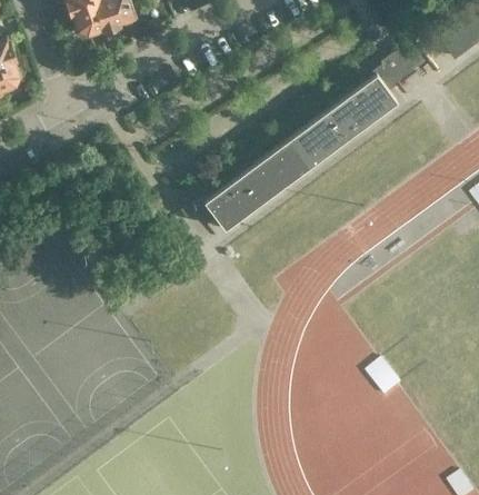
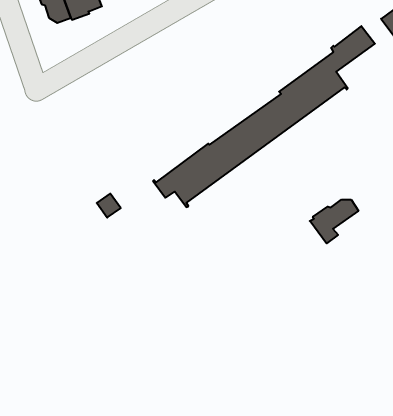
building: none -> [310,200,358,243]

